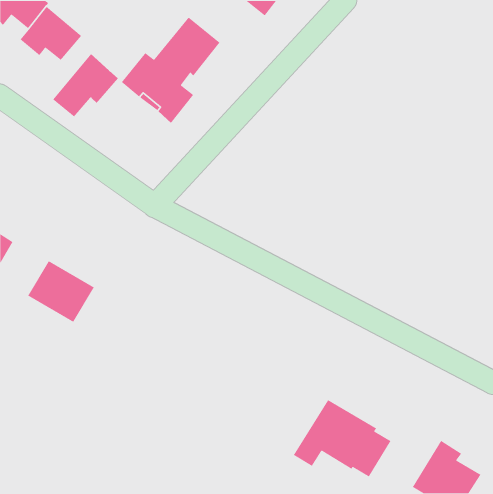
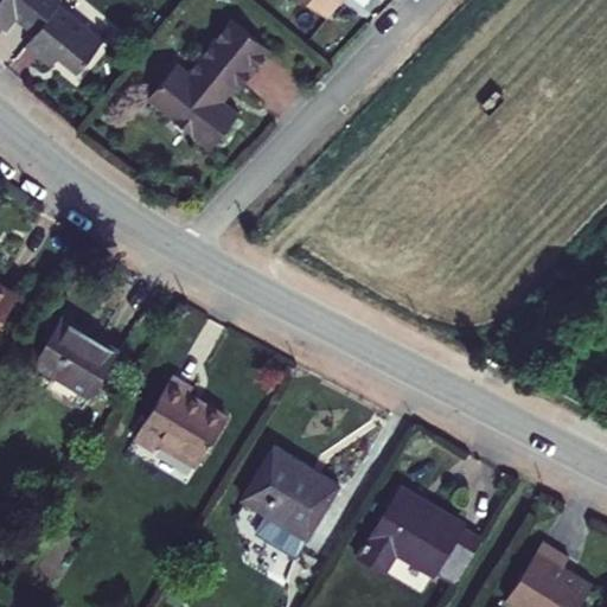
building: [52,53,119,118] -> none
building: none -> [132,378,224,464]
building: none -> [241,447,338,557]

